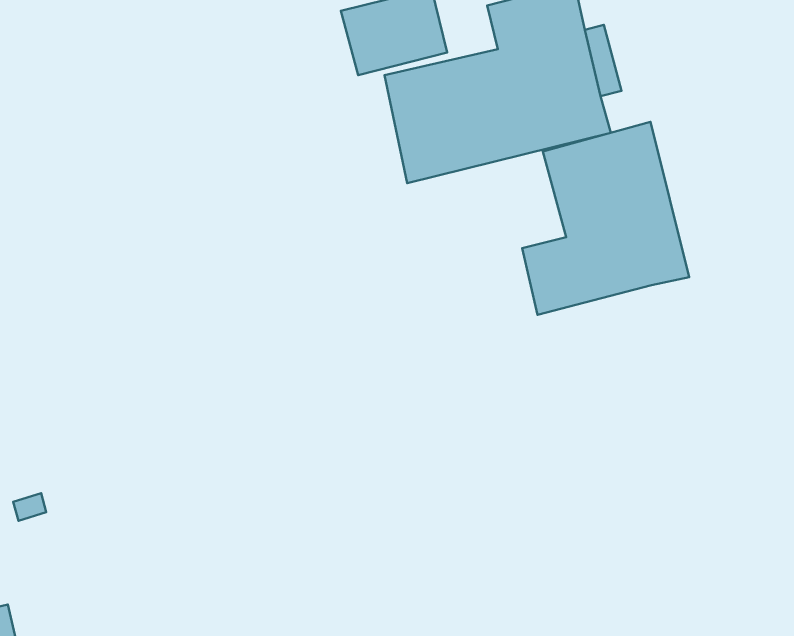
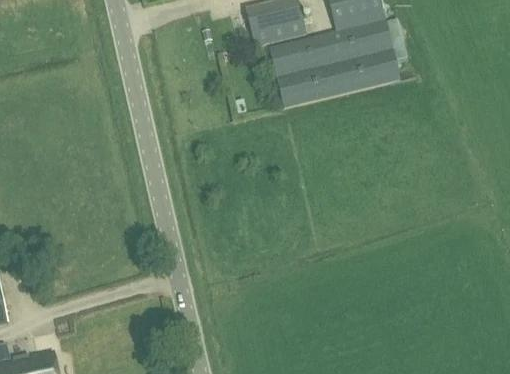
building: [522,122,689,315] -> none

